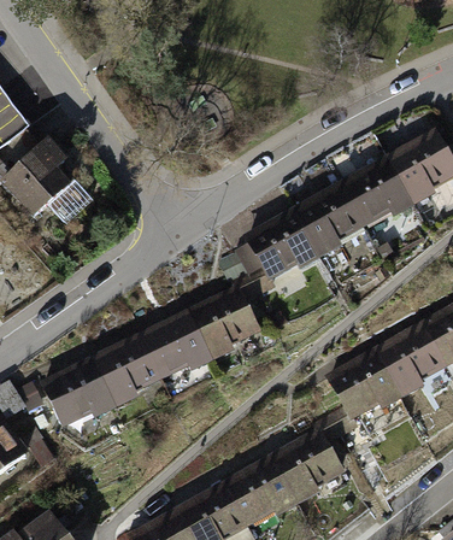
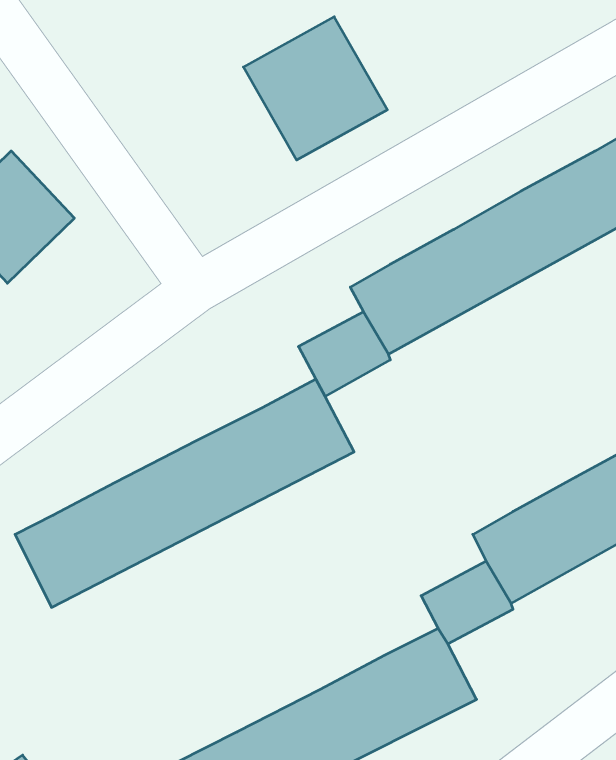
building: none -> [243,17,387,160]

